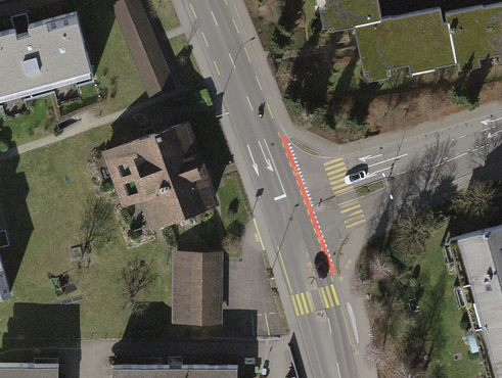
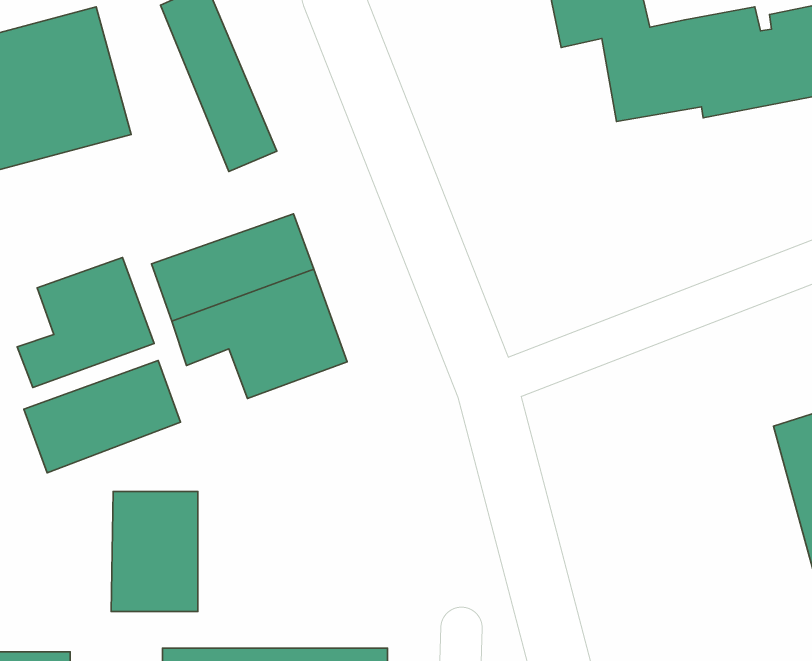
building: none -> [17,257,154,388]
building: none -> [24,360,180,473]
building: [175,252,223,319] -> [111,491,198,612]

